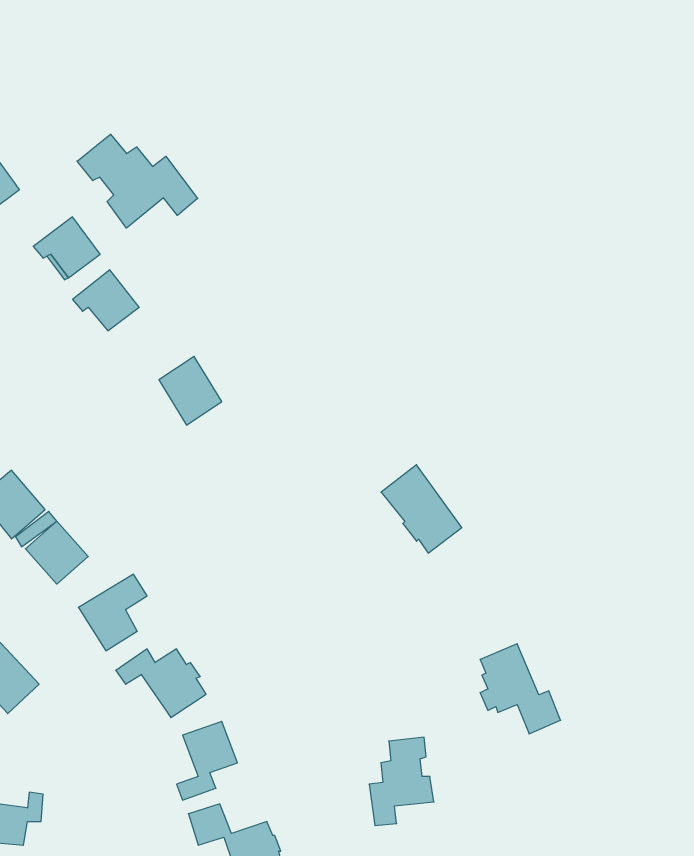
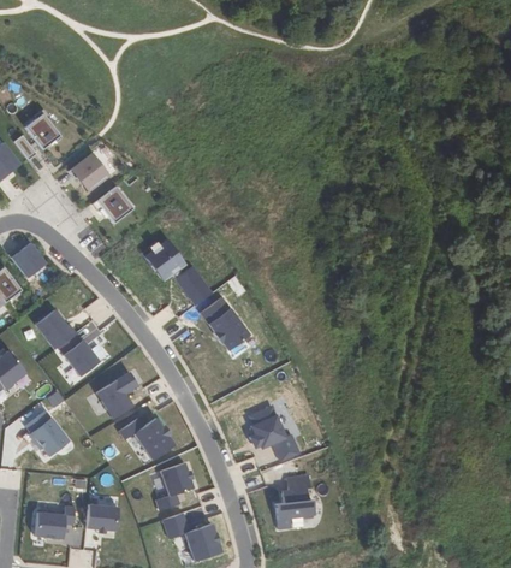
building: [77,134,198,228] -> none
building: none -> [176,266,214,306]
building: [381,465,462,553] -> [201,296,250,350]
building: [480,644,561,734] -> [250,407,299,462]
building: none -> [87,504,118,531]

